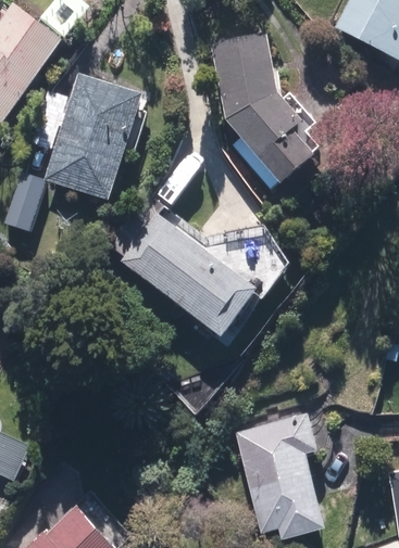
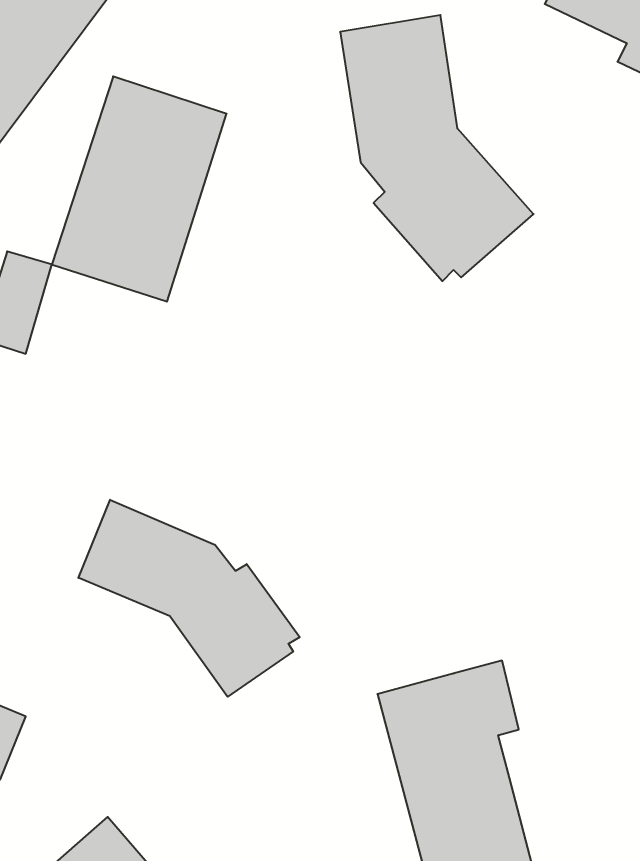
building: [117,203,289,343] -> none
building: none -> [78,500,300,697]

